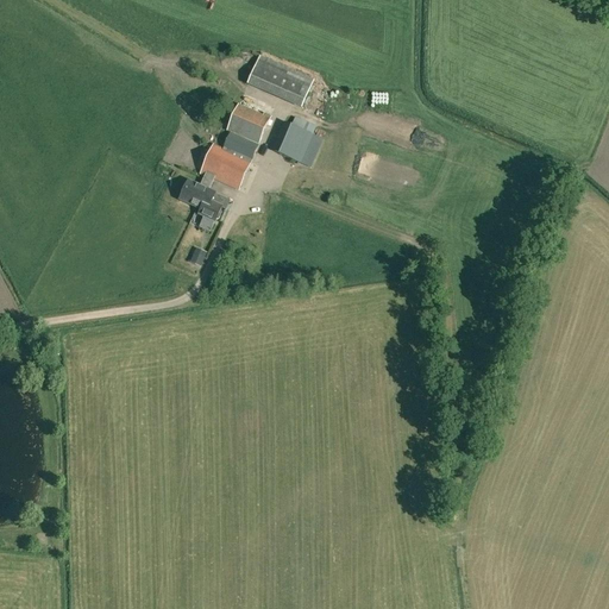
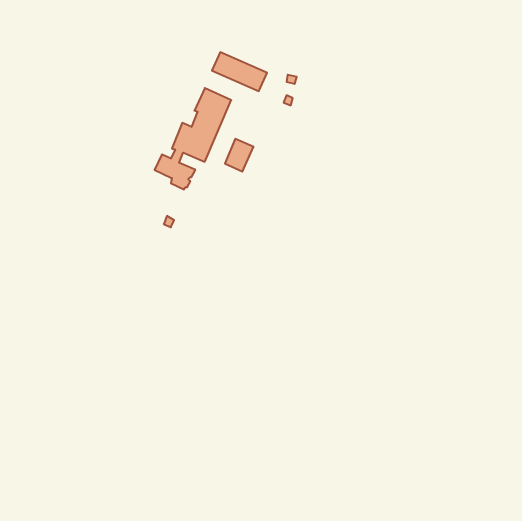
building: [278,124,312,162] -> [225,139,254,172]

